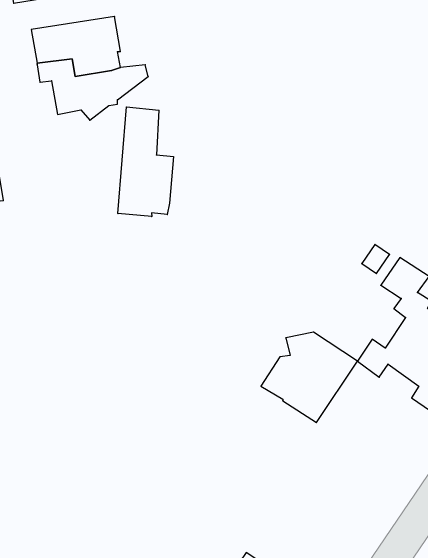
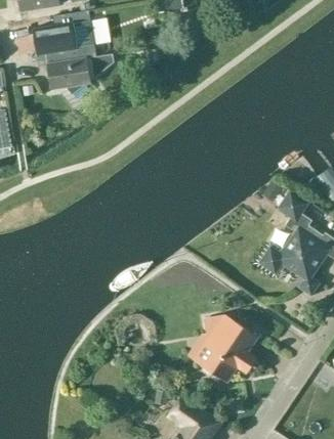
building: [118,107,173,217] -> none
building: [261,332,357,423] -> [189,316,256,380]

